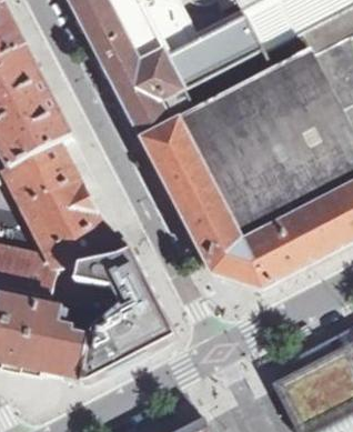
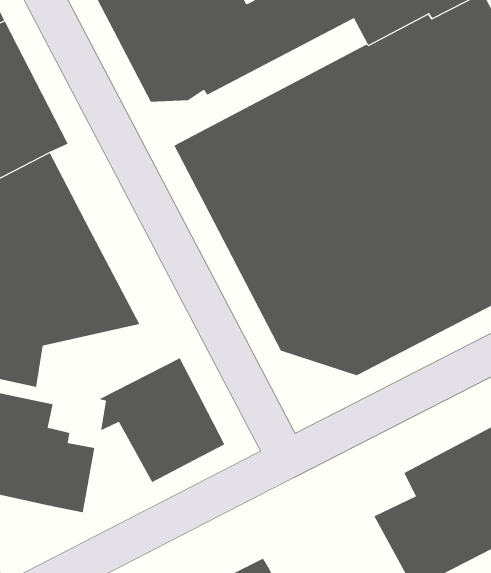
building: [48,248,143,303] -> none

